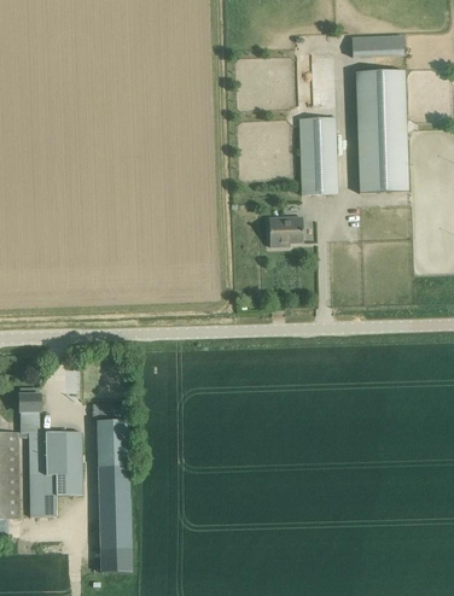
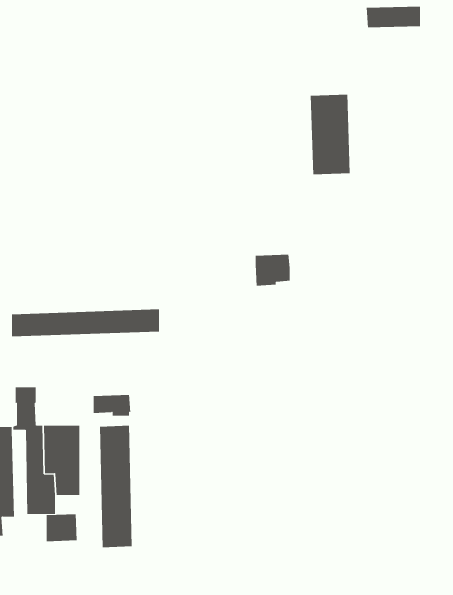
building: [355,69,408,192] -> none
building: [269,216,303,246] -> [255,254,290,286]
building: none -> [12,309,160,337]
building: [101,545,132,572] -> [46,514,78,542]

